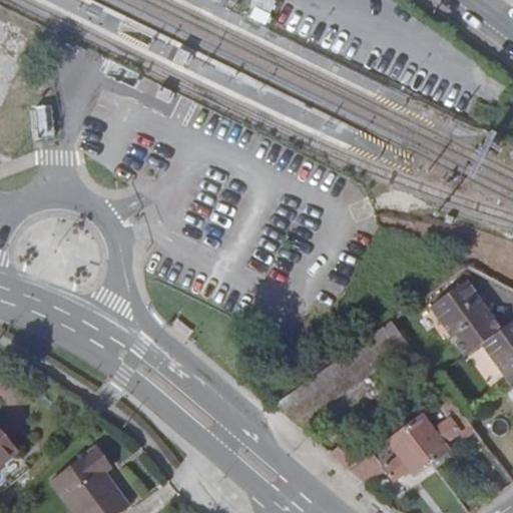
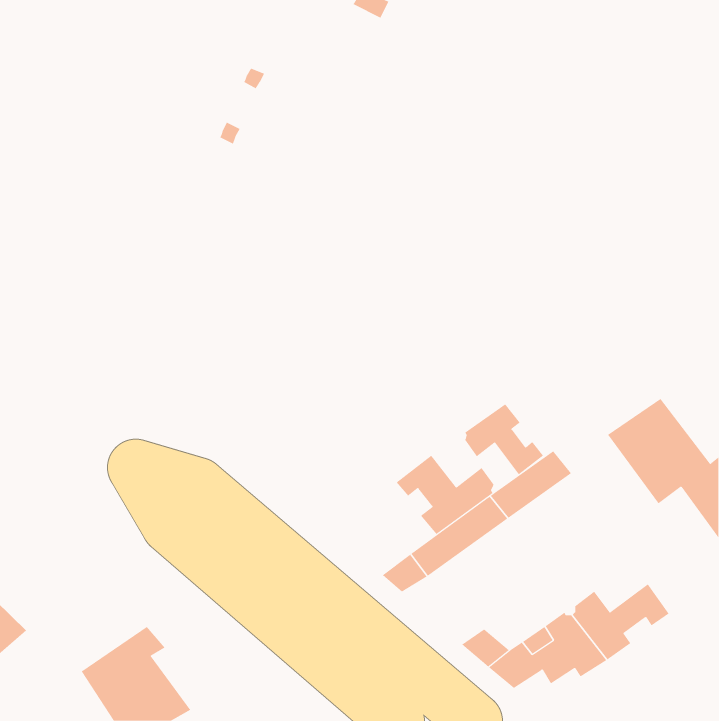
building: none -> [465,403,544,475]
building: none -> [396,455,494,535]

